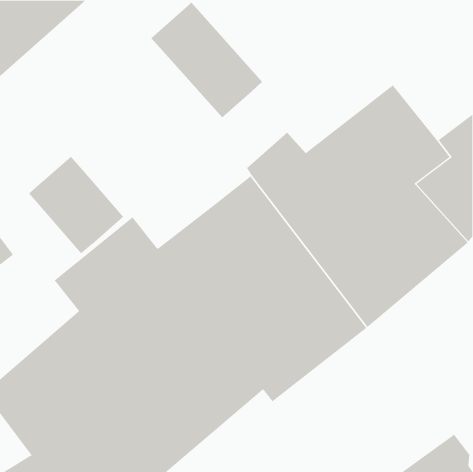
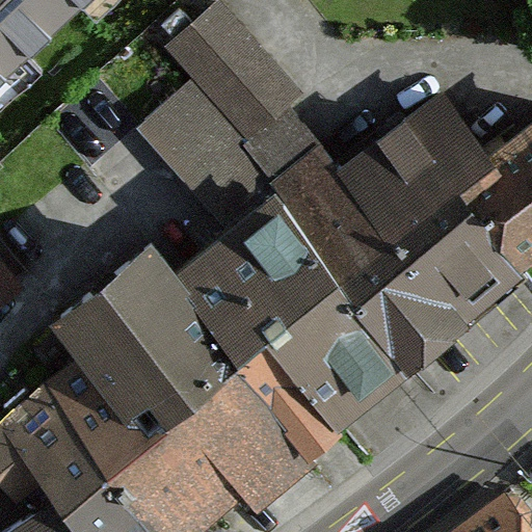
building: none -> [141,75,321,233]
building: [28,156,124,254] -> none

